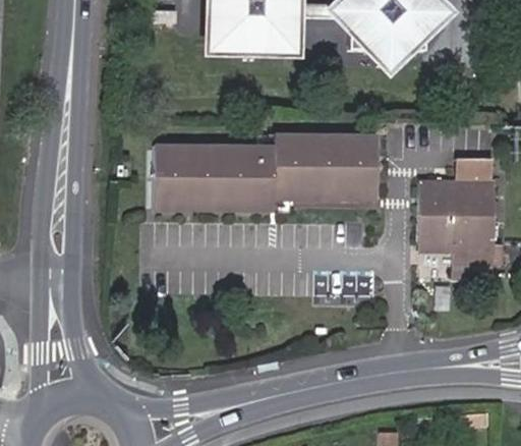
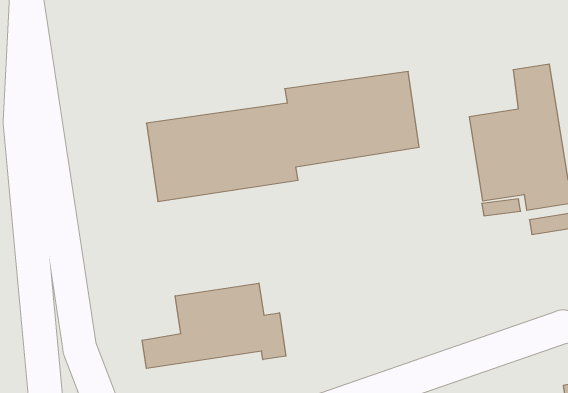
building: none -> [142,283,286,368]

